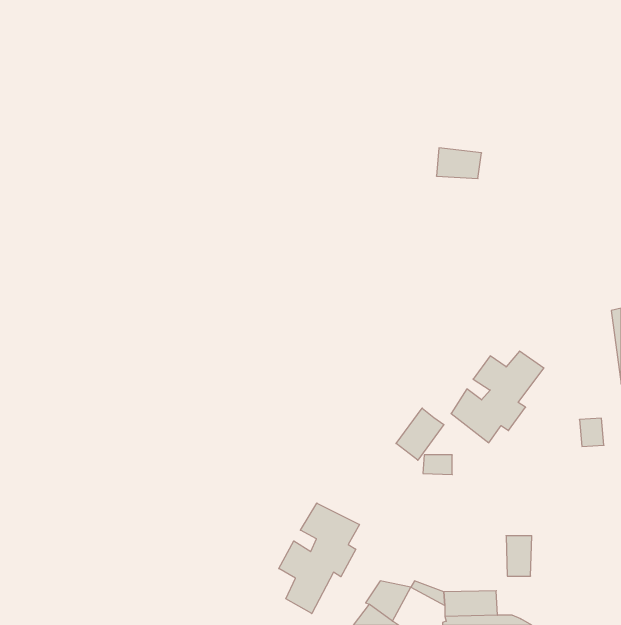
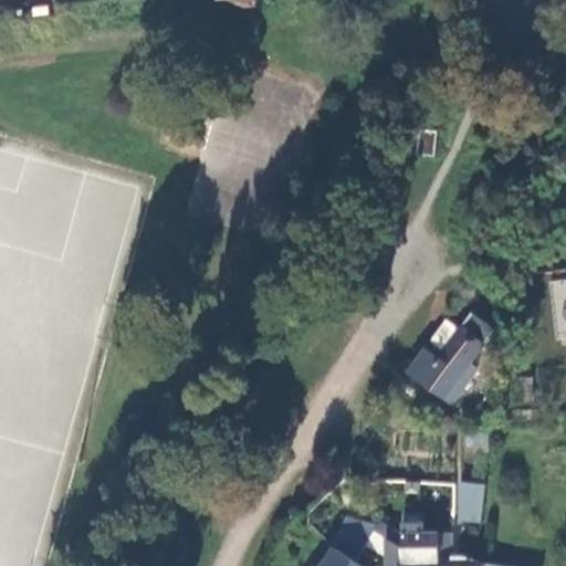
building: [396,408,444,460] -> none
building: [279,503,359,614] -> none

